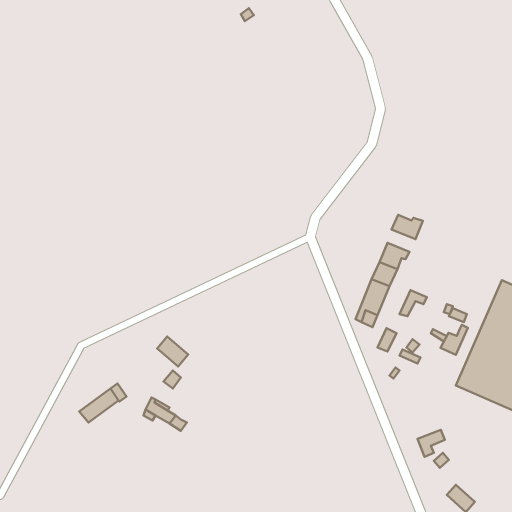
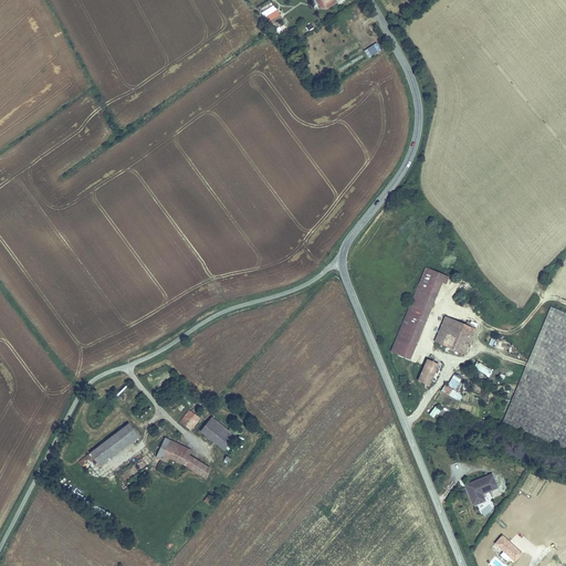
building: [392,215,423,239] -> none
building: [441,325,468,355] -> [450,323,480,356]
building: [157,336,188,367] -> [200,416,234,449]

